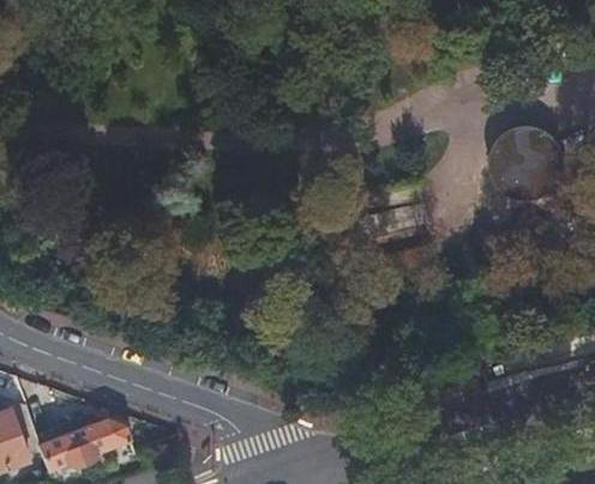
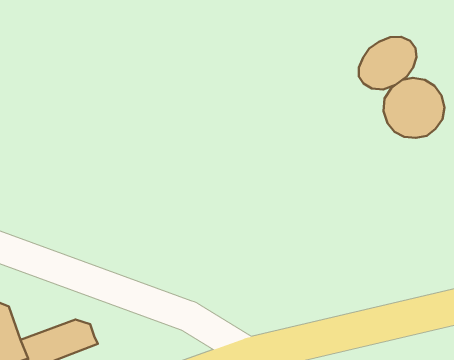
building: none -> [359,37,416,89]

